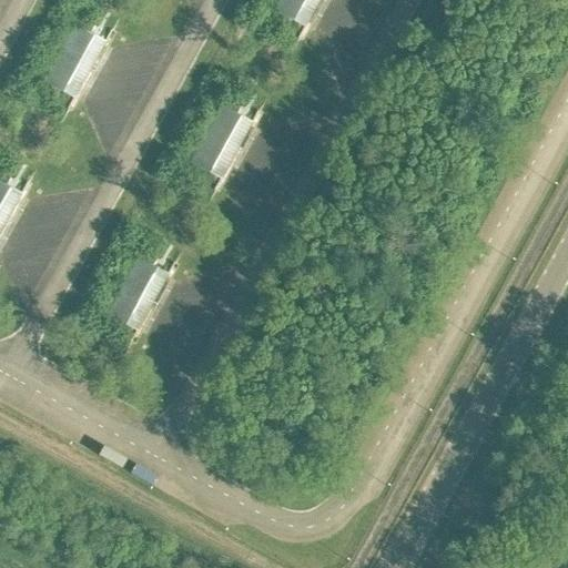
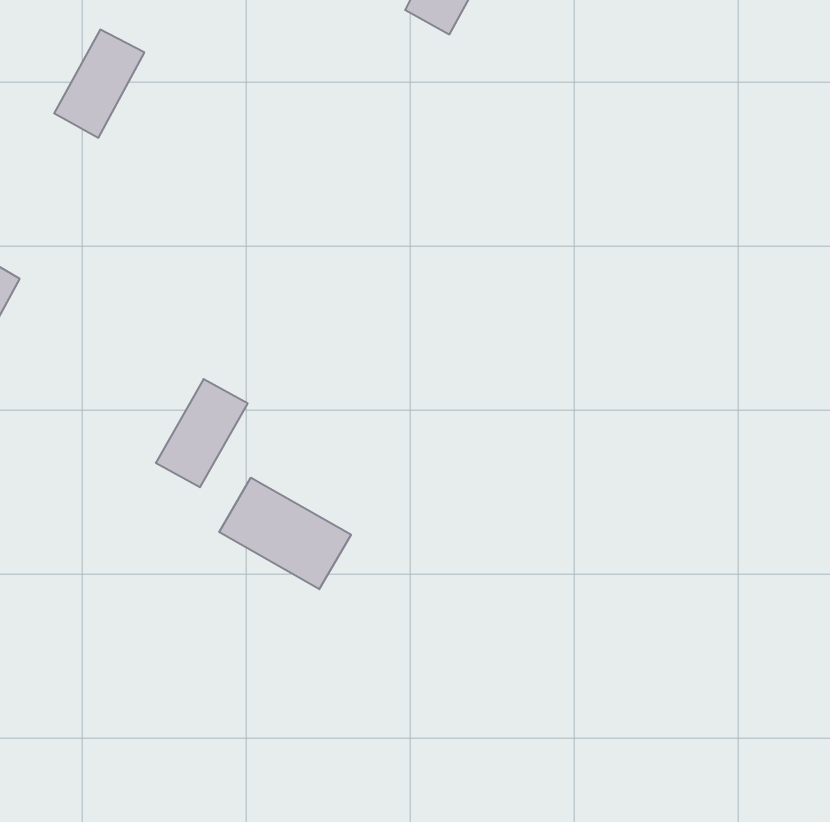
building: [190,104,251,178] -> none
building: none -> [219,478,351,589]

